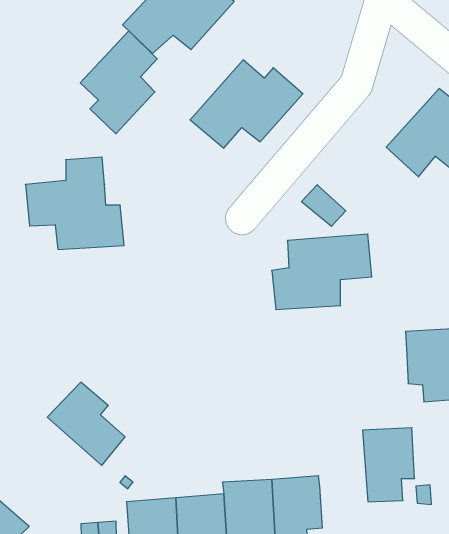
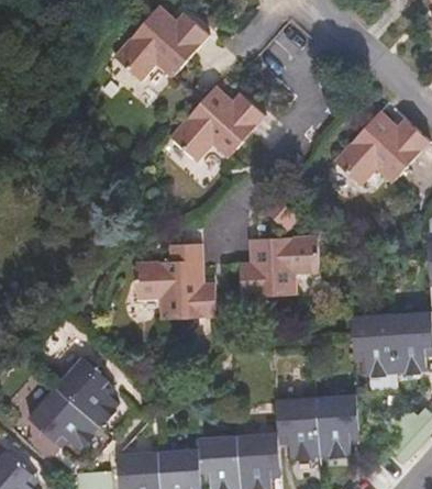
building: [80,31,157,134] -> none
building: [25,157,124,249] -> [137,243,221,321]
building: none -> [21,388,96,451]
building: none -> [277,399,321,462]

